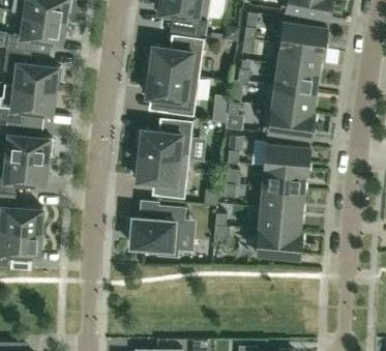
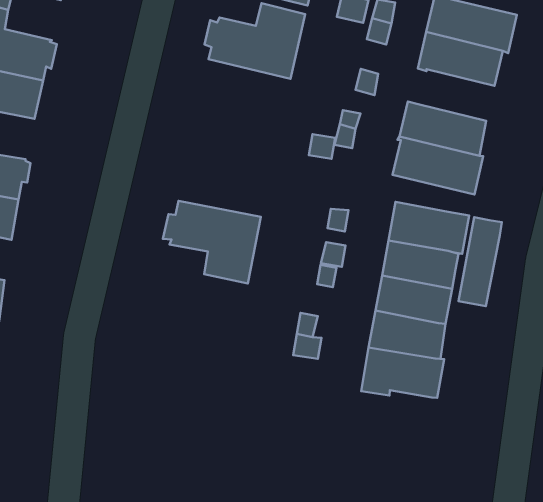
building: [274,65,318,92] -> none
building: [143,70,199,116] -> none
building: [136,118,192,159] -> none
building: none -> [458,217,502,306]
building: [128,205,186,256] -> none

